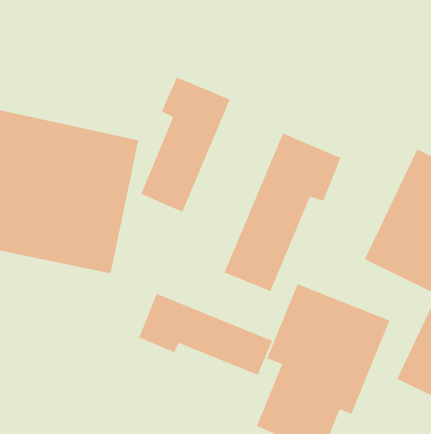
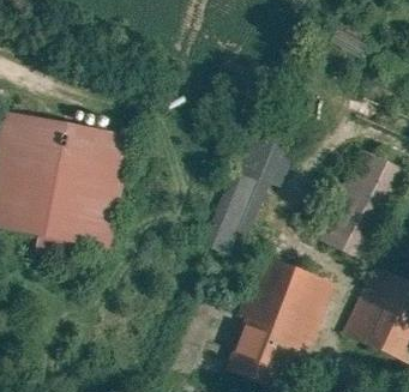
building: [140,77,231,213] -> none
building: [138,293,273,376] -> none

